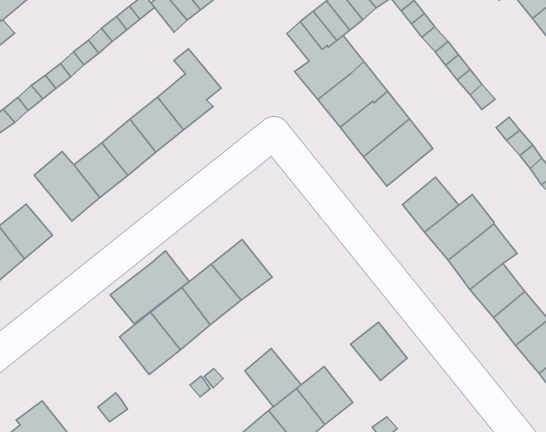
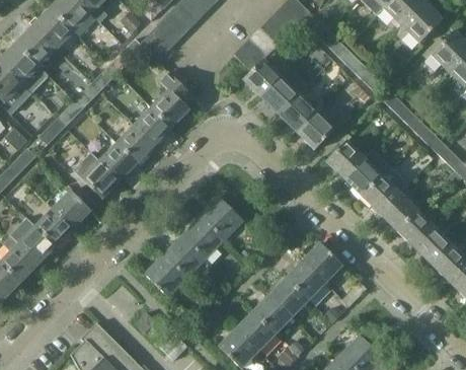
building: [110,251,189,324] -> none
building: [245,348,301,407] -> [286,261,325,300]

